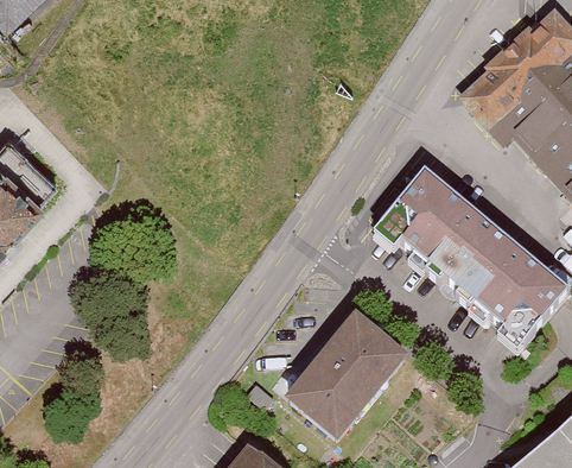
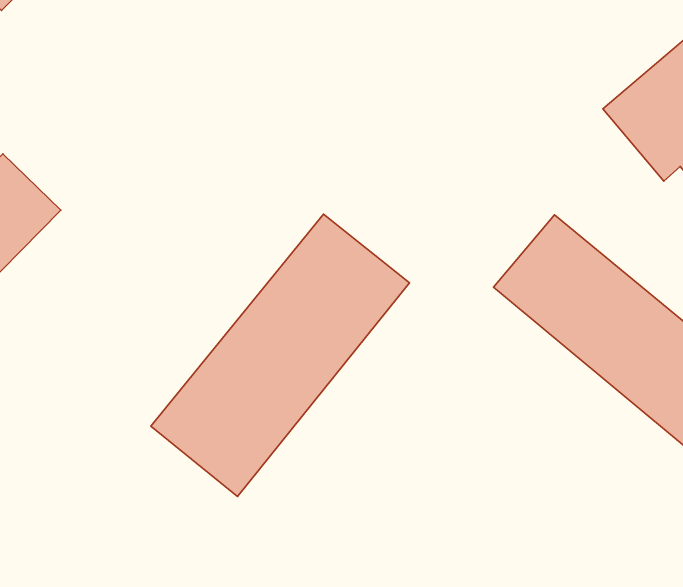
building: none -> [151,214,410,497]
building: [288,314,406,436] -> none

